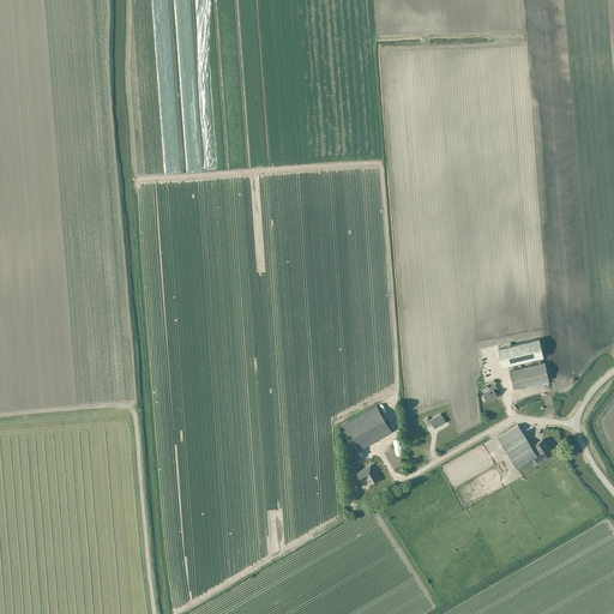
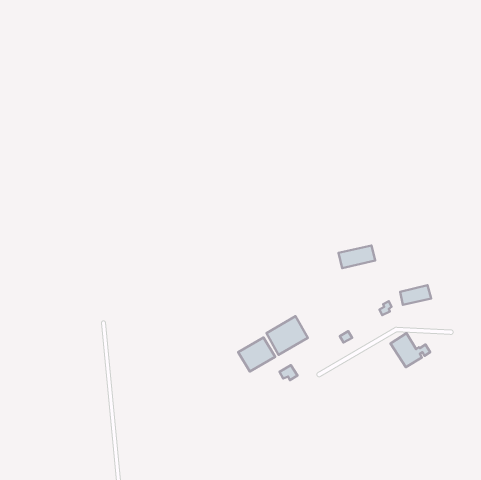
building: [498,341,544,369] -> [339,245,375,268]
building: none -> [238,337,275,372]

